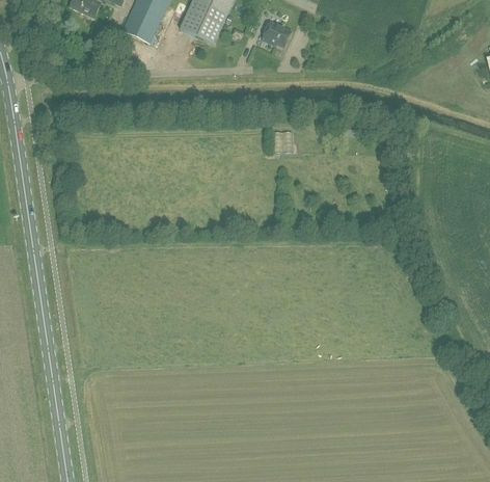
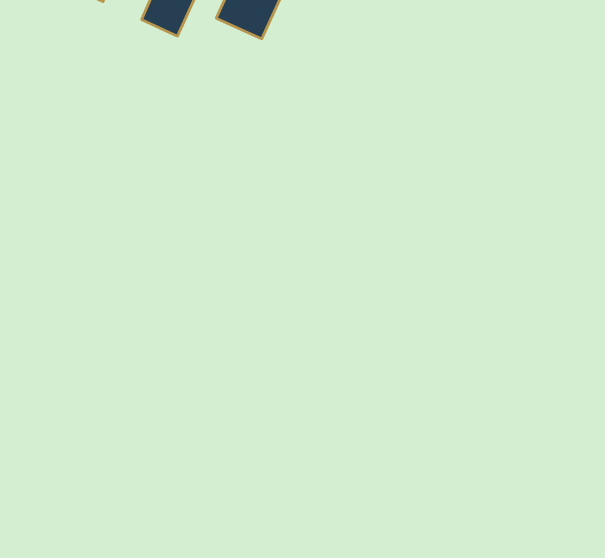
building: [261,21,290,46] -> none

